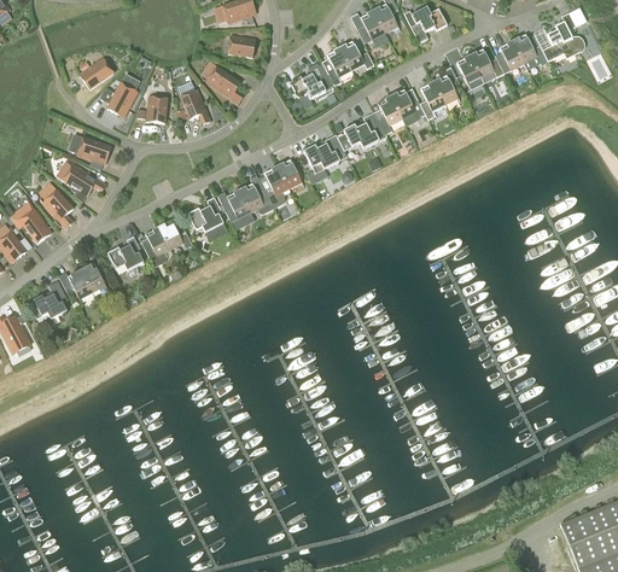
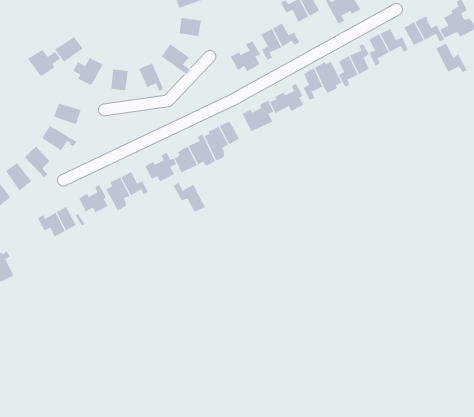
building: none -> [436,43,468,73]
building: none -> [27,49,61,77]
building: none -> [173,182,206,213]
building: [28,280,68,320] -> none

